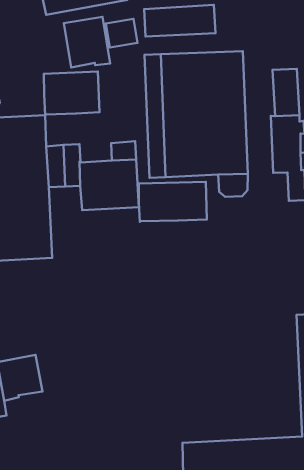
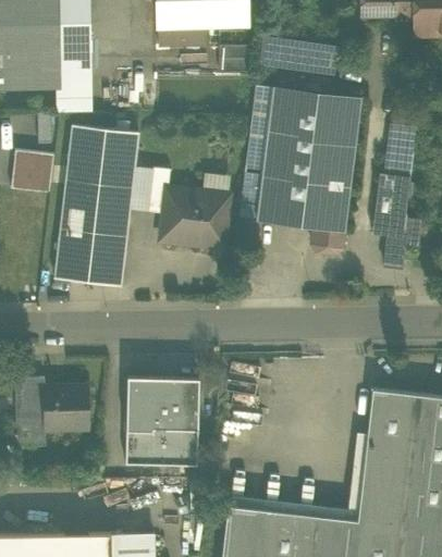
building: [64,17,110,67] -> none
building: [44,72,99,115] -> none
building: [139,182,207,222] -> none
building: none -> [125,376,199,466]

